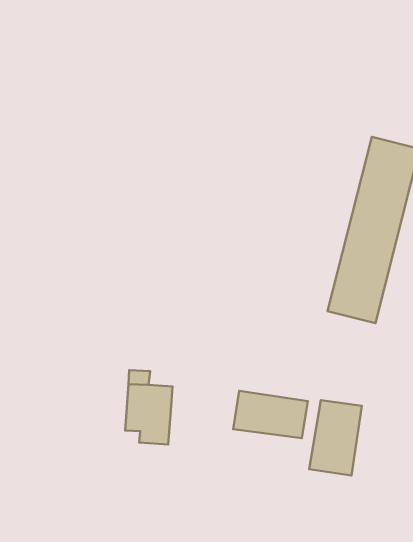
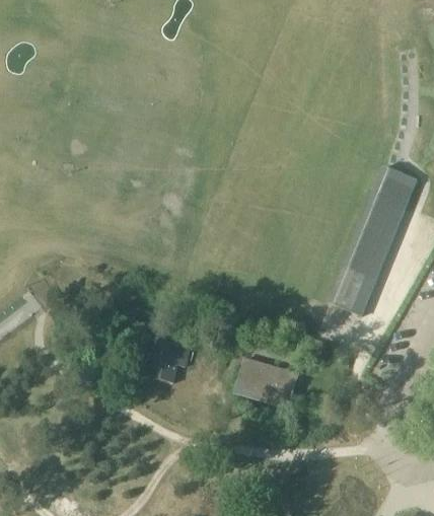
building: [309,400,362,475] -> none

